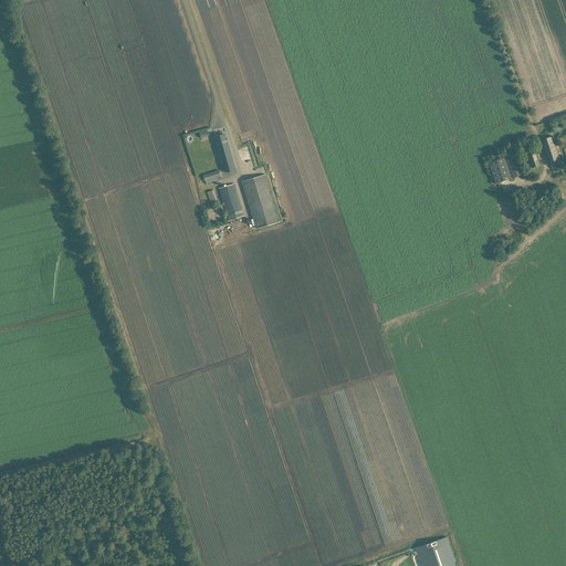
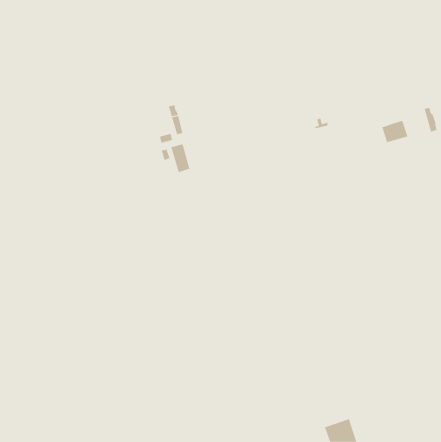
building: [241,174,280,229] -> none

